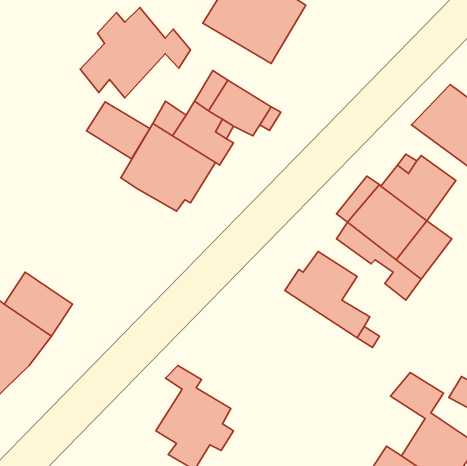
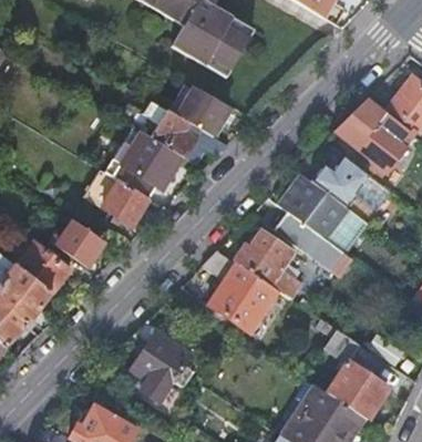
building: [80,8,190,98] -> none
building: [86,102,150,159] -> none
building: none -> [101,181,148,226]
building: none -> [48,218,101,267]
building: none -> [204,250,277,330]

